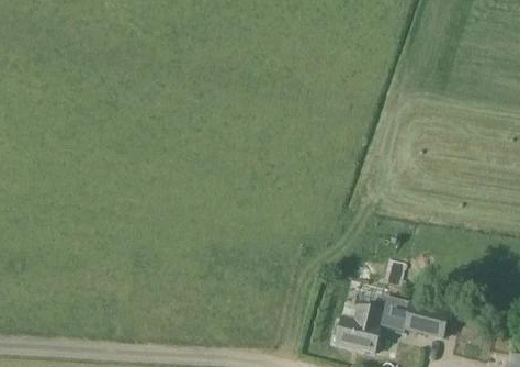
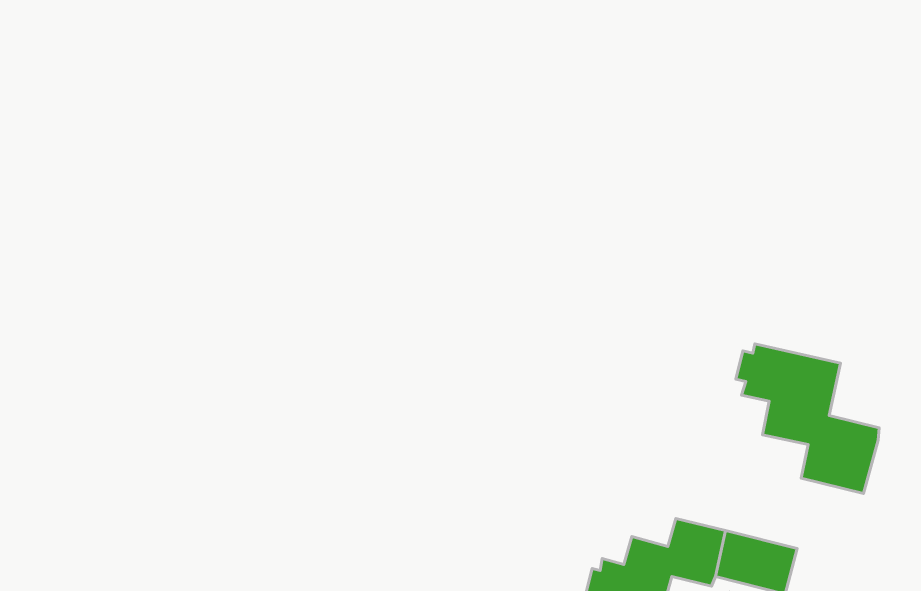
building: none -> [736,344,879,494]

